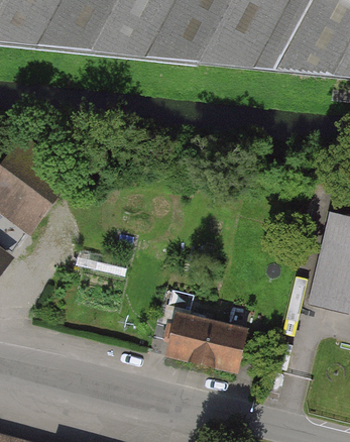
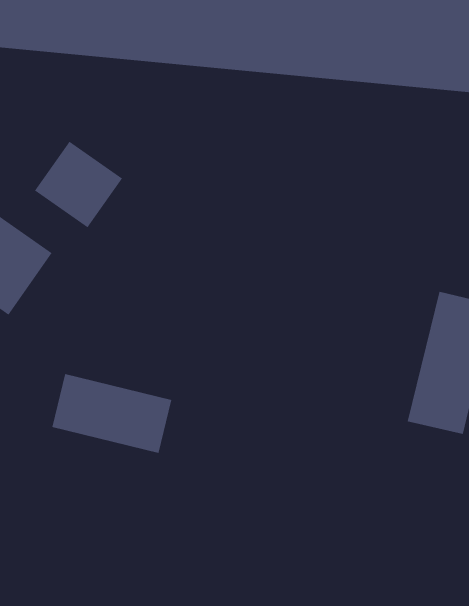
building: none -> [34,141,123,228]
building: [161,316,245,371] -> [52,374,172,453]

